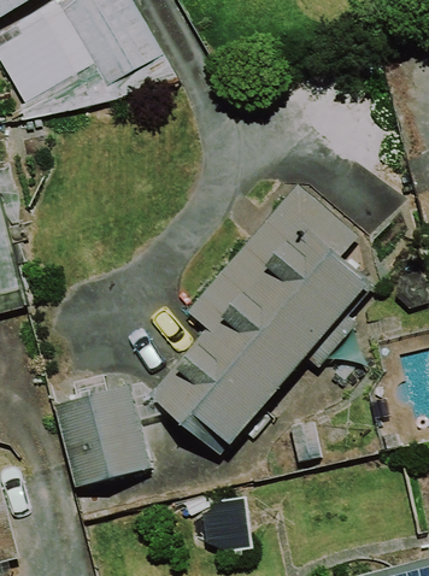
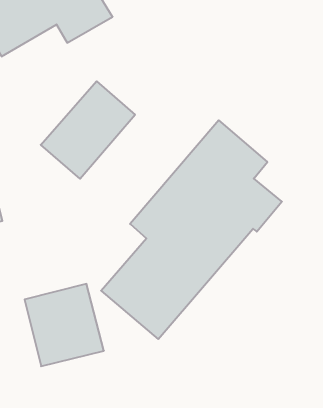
building: none -> [41,81,135,179]

